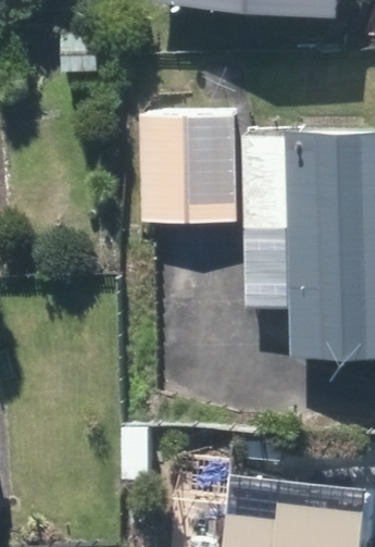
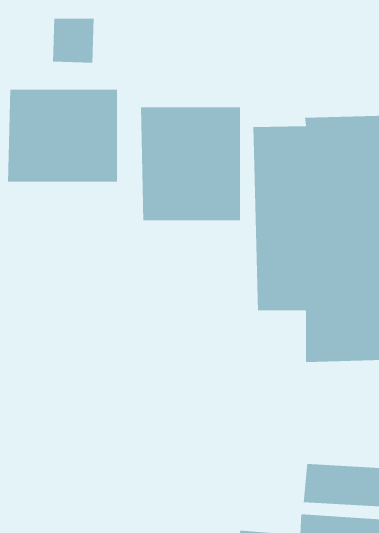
building: none -> [7,89,118,182]

